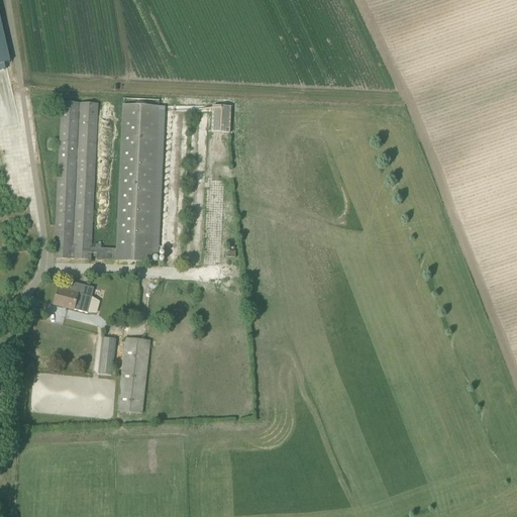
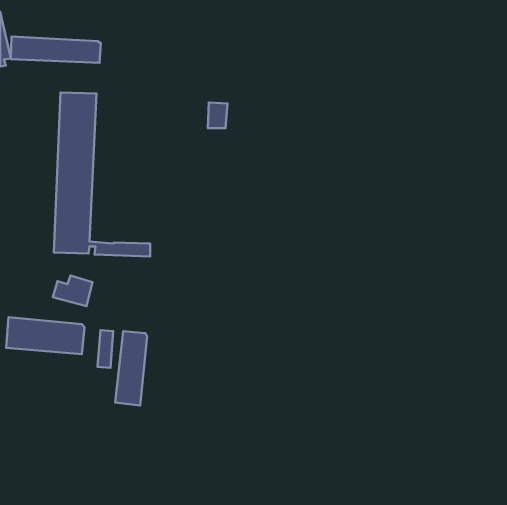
building: none -> [11,37,101,63]
building: [116,102,161,247] -> none
building: none -> [6,317,85,354]

